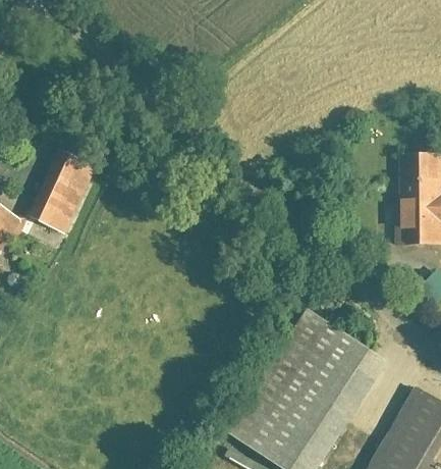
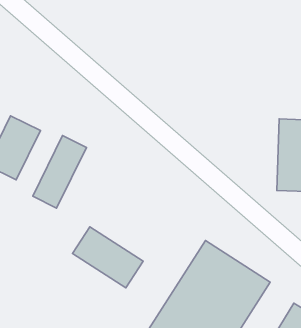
building: none -> [33,136,86,208]
building: none -> [73,227,143,288]

